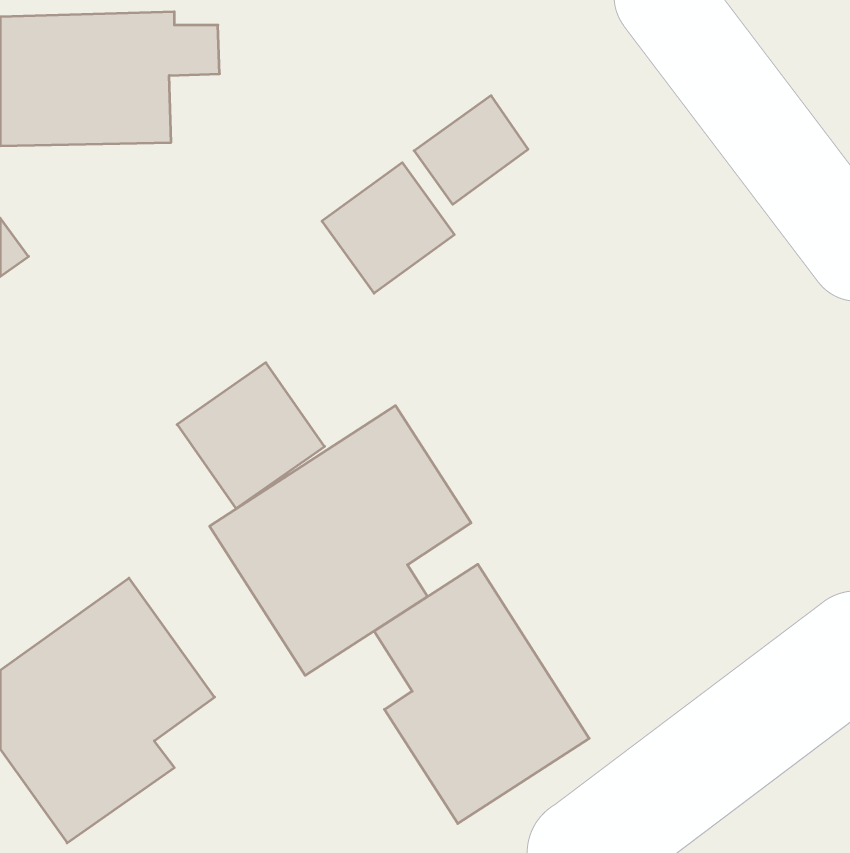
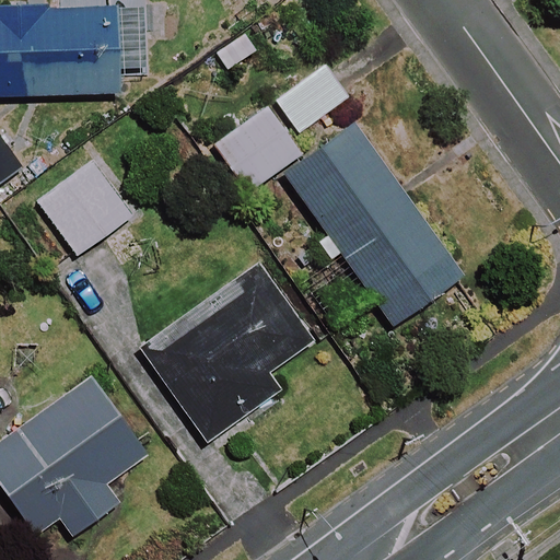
building: none -> [284,121,464,325]
building: [177,363,325,508] -> [36,161,132,256]
building: [374,564,589,824] -> none

